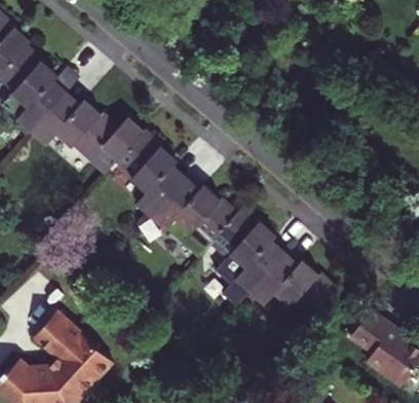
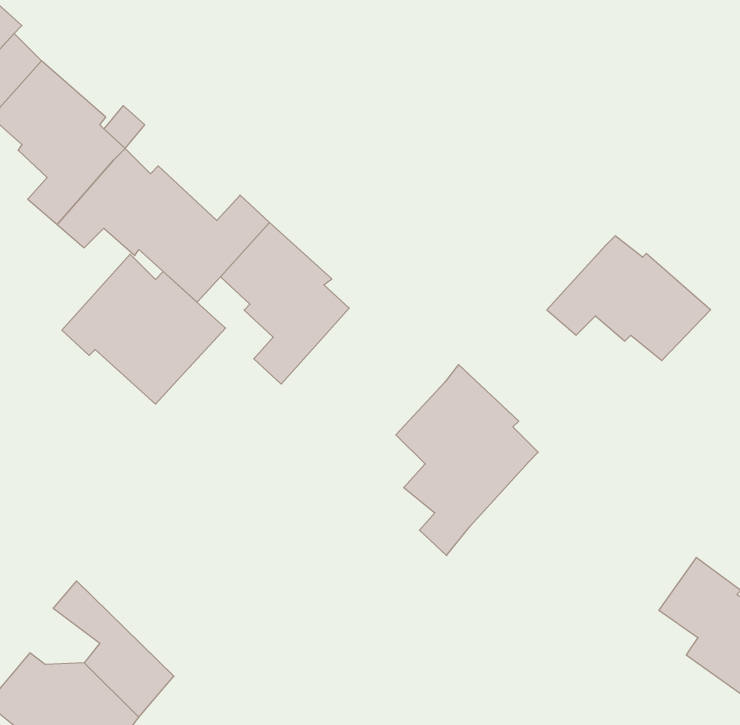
building: [149,176,235,255] -> [62,254,226,404]
building: [249,252,335,318] -> [547,236,711,361]
building: [41,307,107,370] -> none

